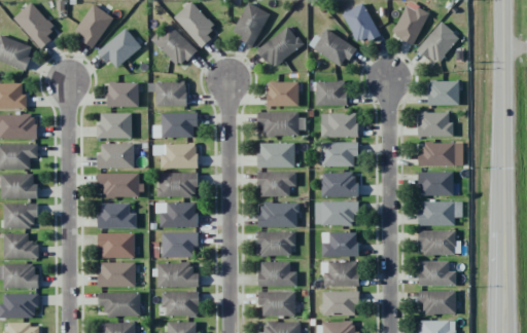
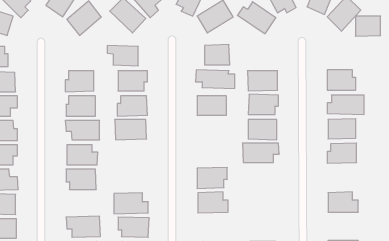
building: [315,81,347,106] -> none
building: [428,81,459,106] -> [355,16,381,36]
building: [108,82,139,107] -> none
building: [258,172,296,197] -> none
building: [160,202,199,228] -> none
building: [259,202,298,227] -> none
building: [420,230,455,256] -> none
building: [162,232,197,258] -> none
building: [321,232,358,257] -> none
building: [322,261,359,287] -> none
building: [99,262,135,287] -> none
building: [418,290,456,314] -> none
building: [258,291,295,317] -> none
building: [322,292,357,316] -> none

